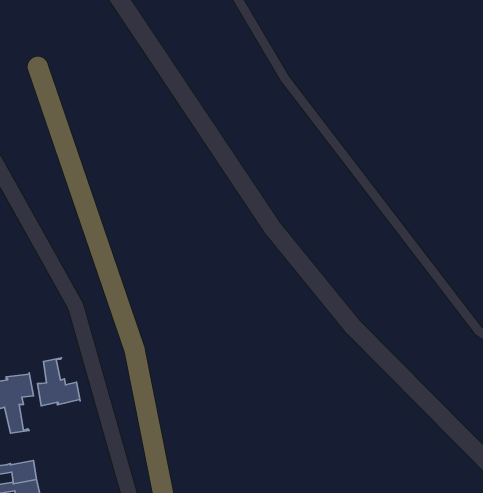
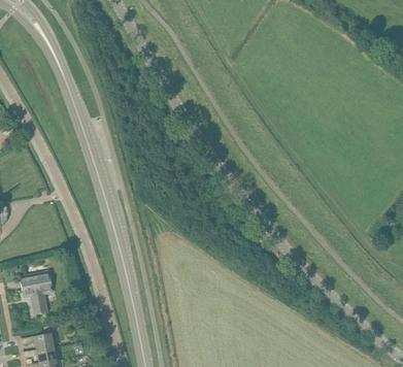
building: [38,358,80,406] -> none

